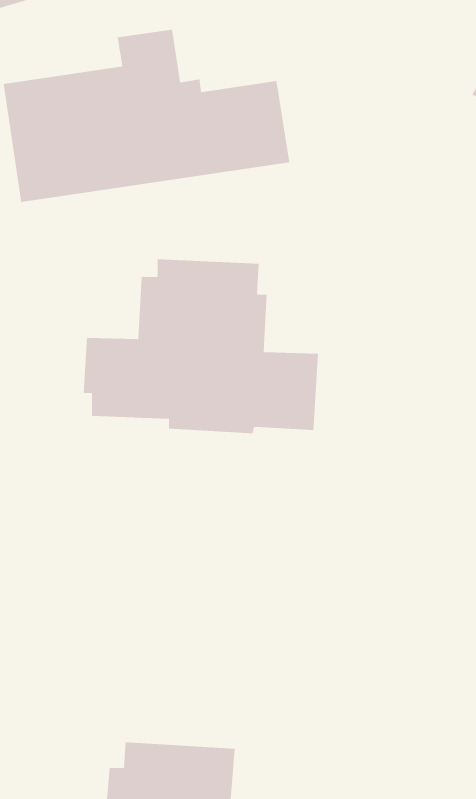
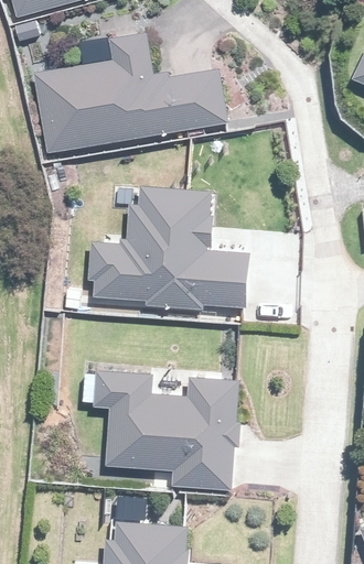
building: none -> [96,372,243,492]

